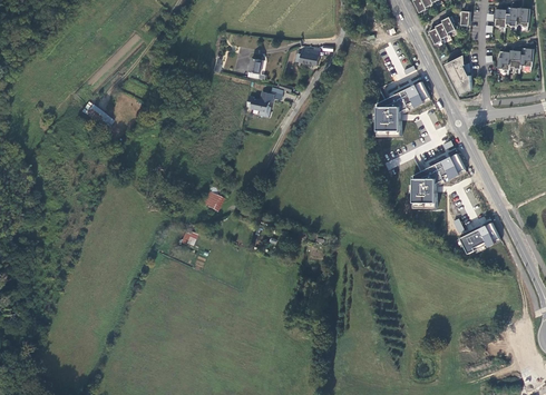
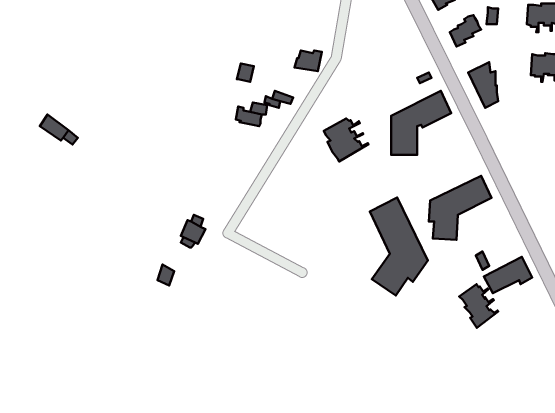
building: none -> [324,119,368,161]
building: none -> [370,198,428,296]
building: none -> [459,284,498,328]

